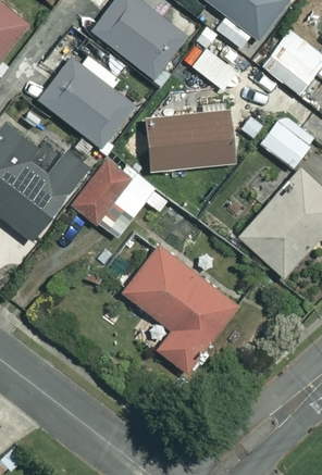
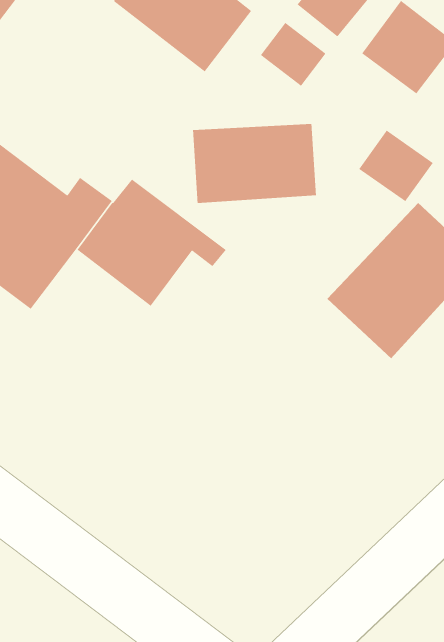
building: [38,47,139,146] -> none
building: [122,243,239,373] -> none

